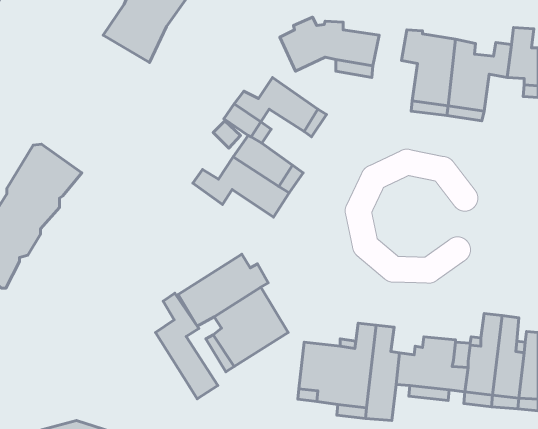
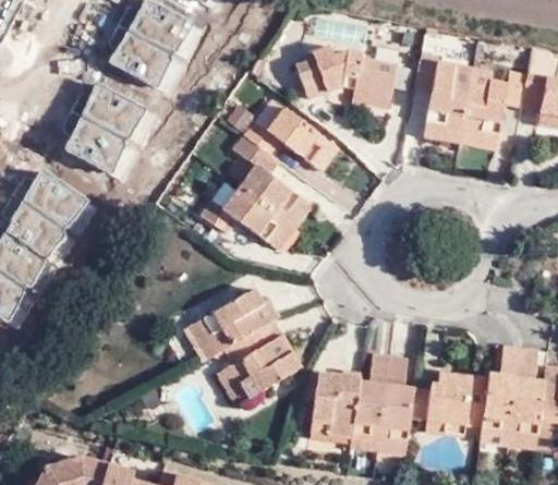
building: none -> [65,83,145,174]
building: [155,293,218,399] -> none

